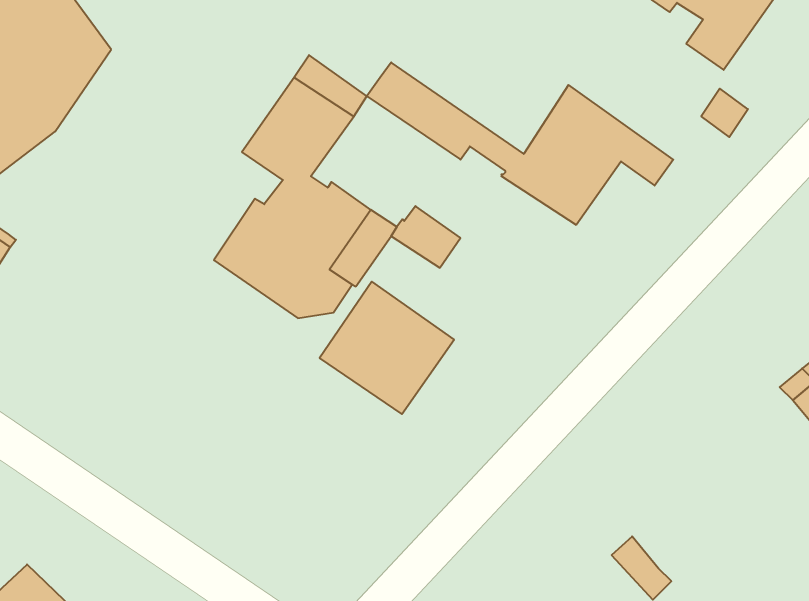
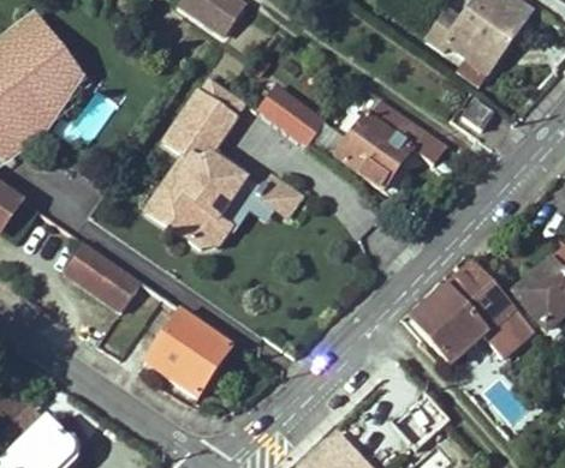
building: [320,282,454,414] -> [147,310,233,395]
building: none -> [67,240,145,310]
building: none -> [410,262,527,362]

